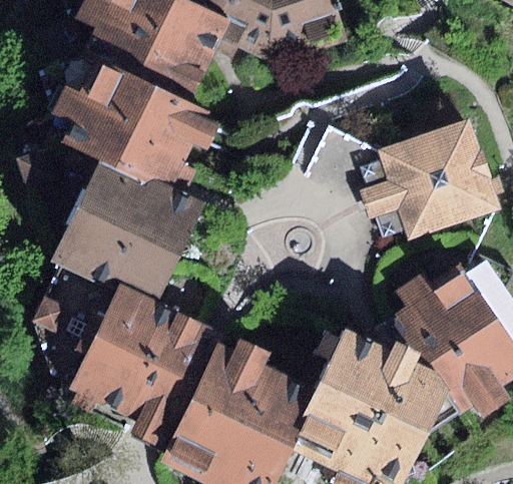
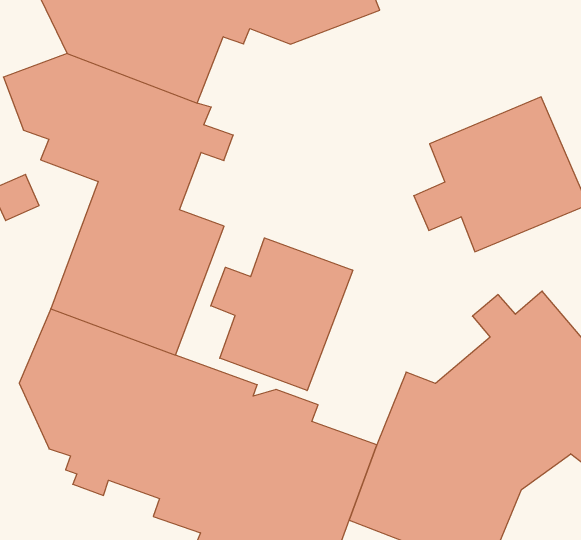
building: none -> [211,238,353,391]

